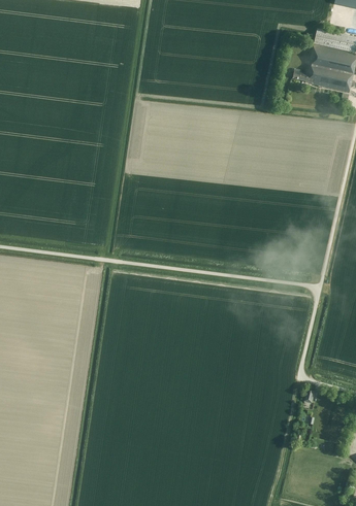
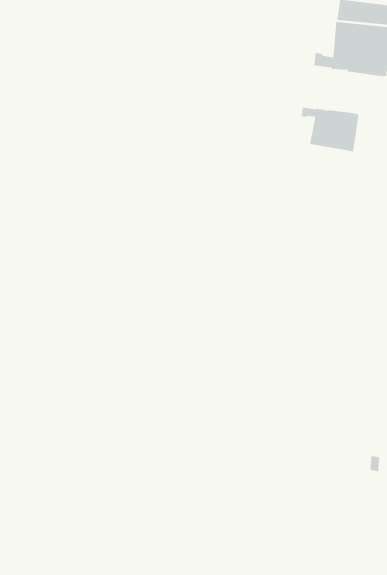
building: none -> [301,107,359,152]

